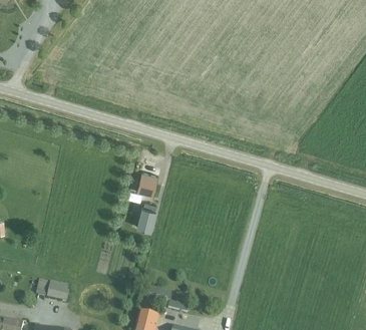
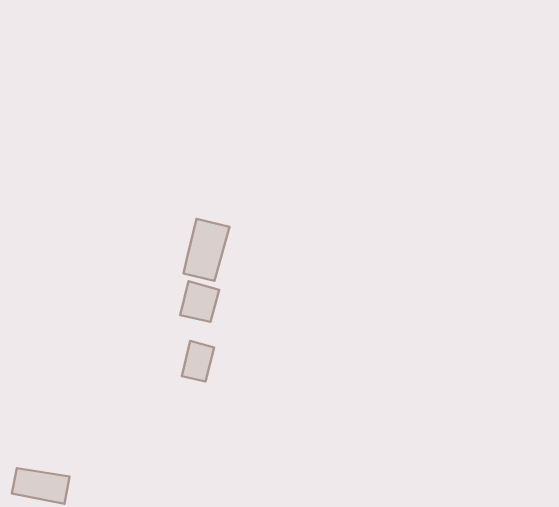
building: none -> [183,219,230,281]

